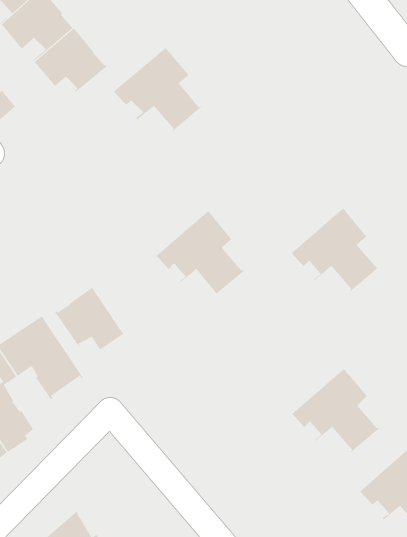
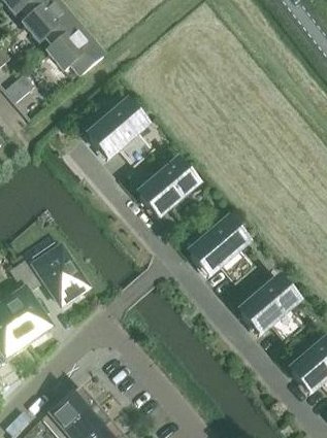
building: [113,47,202,132] -> [88,103,154,166]
building: [291,207,380,292] -> [189,220,255,282]
building: [55,287,124,351] -> none

